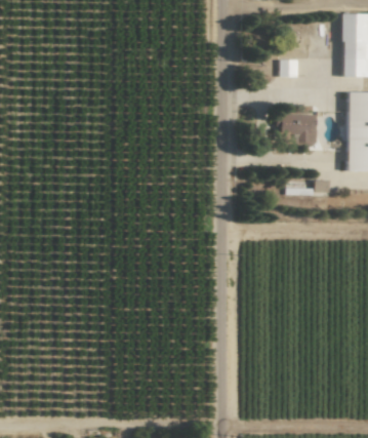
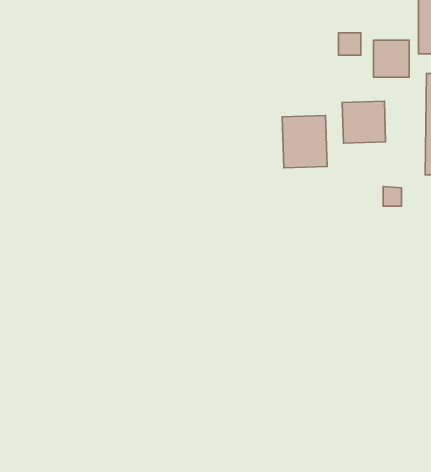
building: none -> [373,40,409,77]
building: none -> [282,116,327,168]

